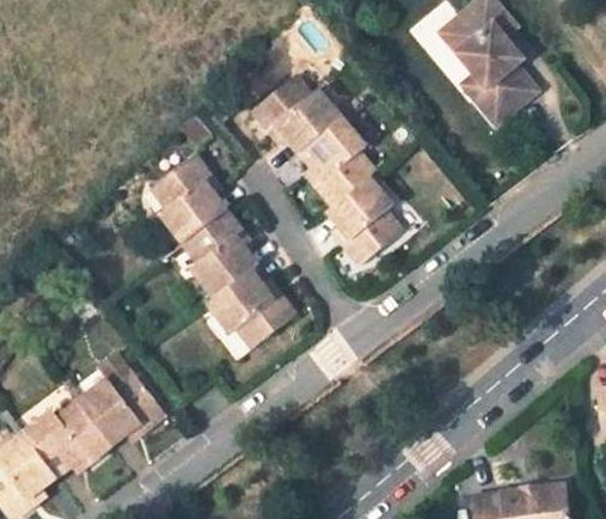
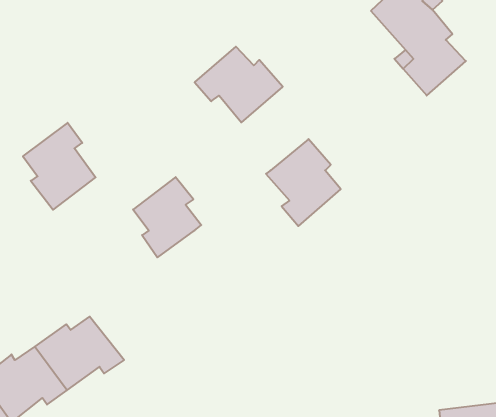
building: [299,117,375,207] -> none
building: [151,155,228,249] -> [23,123,96,210]
building: [201,271,293,352] -> none

